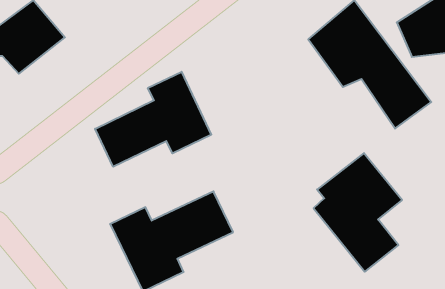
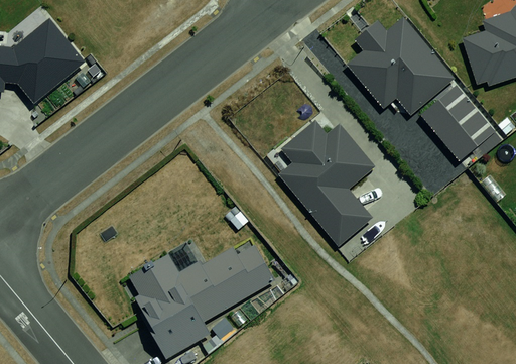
building: [95,72,211,167] -> none
building: [314,153,402,272] -> [277,110,378,245]

